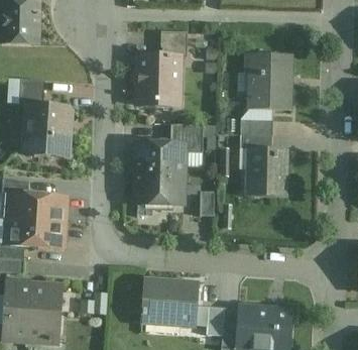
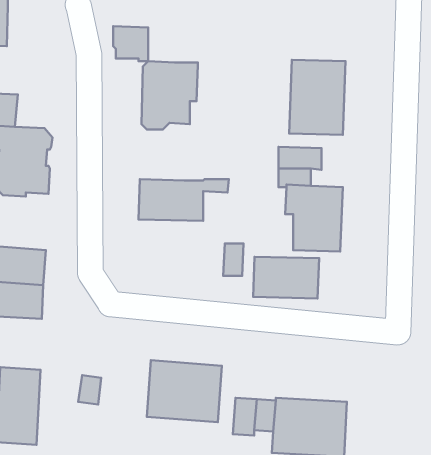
building: [160,30,187,56] -> [113,26,148,61]
building: [169,123,203,143] -> none
building: [134,172,184,204] -> [253,257,319,298]

